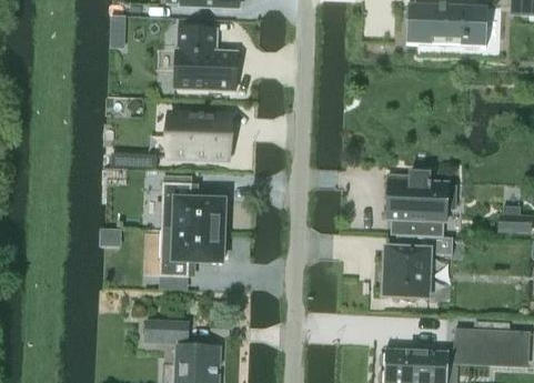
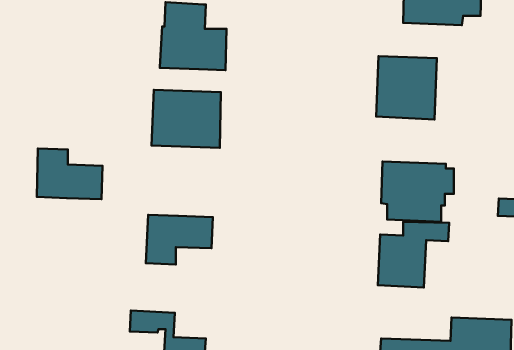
building: none -> [376,56,437,120]
building: [162,182,225,231] -> [37,148,103,199]

